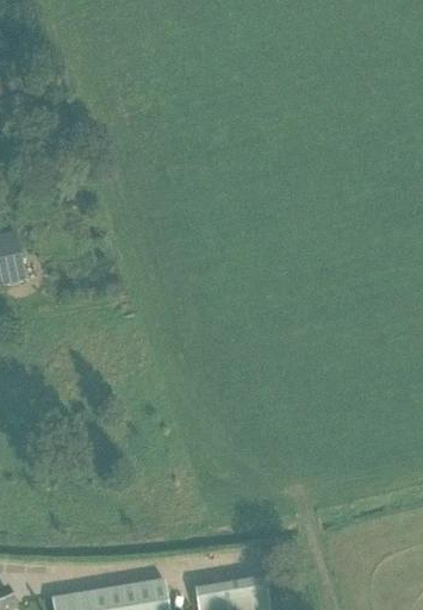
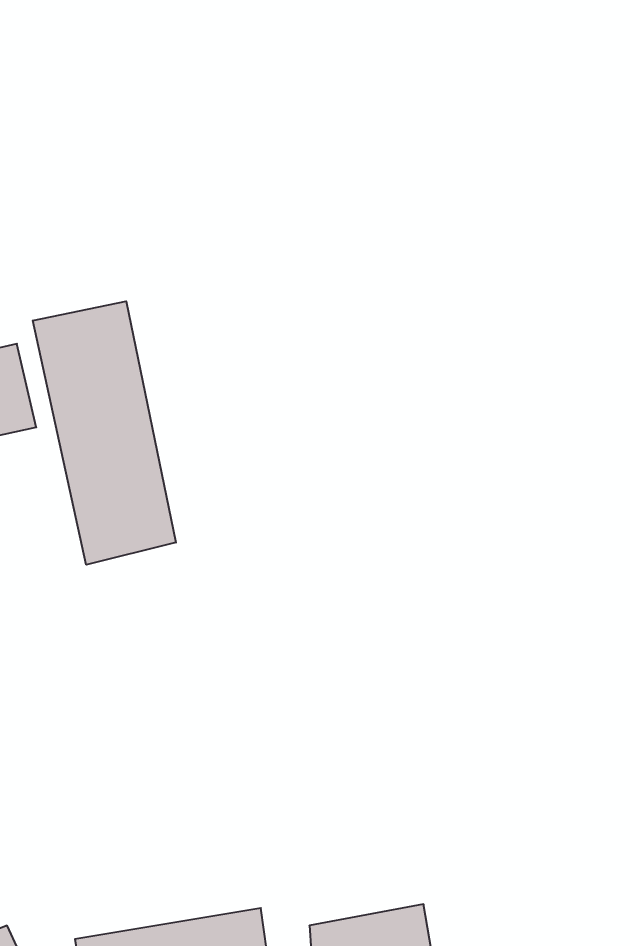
building: none -> [33,301,176,565]

